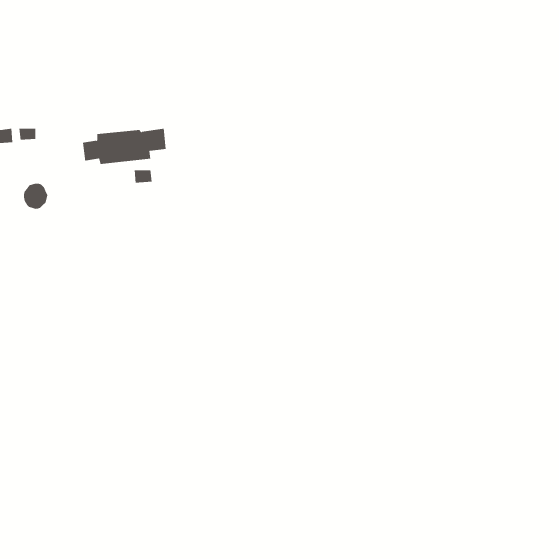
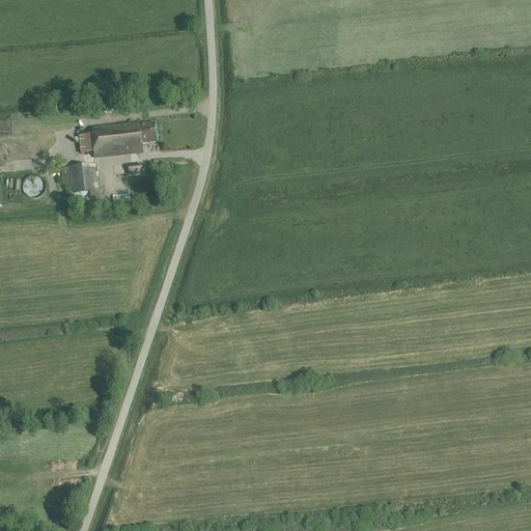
building: none -> [61,163,100,201]

